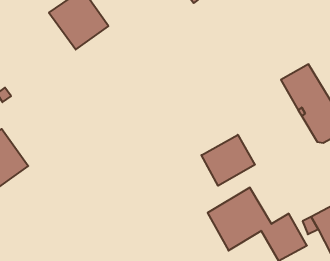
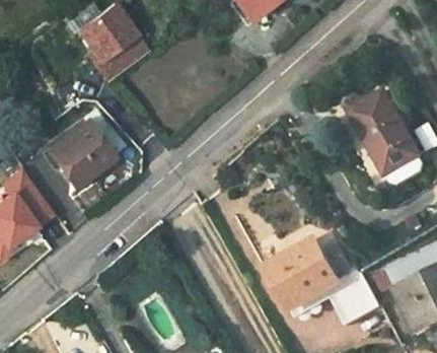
building: none -> [49,120,116,187]
building: [201,135,255,186] -> none

